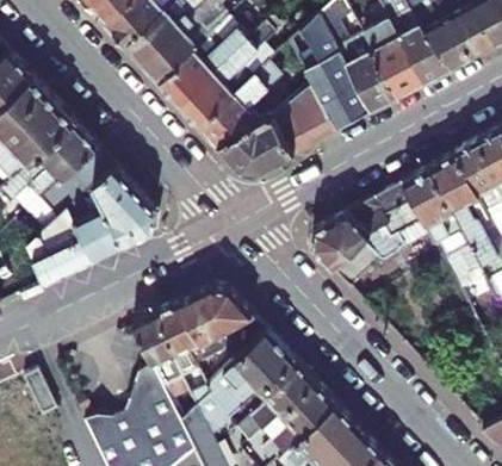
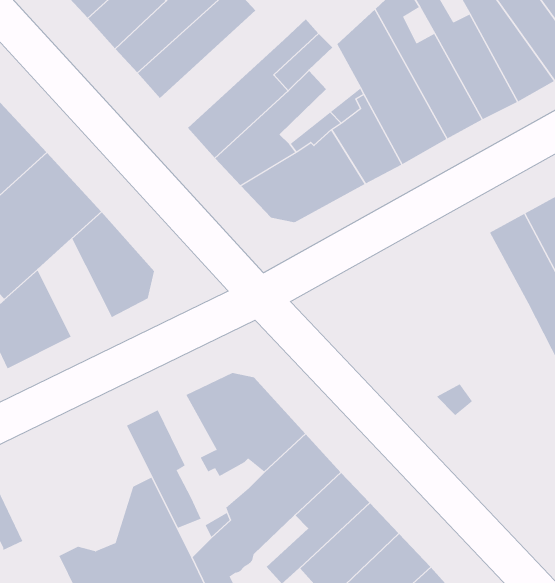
building: [159,17,250,104] -> none
building: [311,181,432,287] -> none
building: [68,186,123,259] -> none
building: [157,302,200,378] -> none

